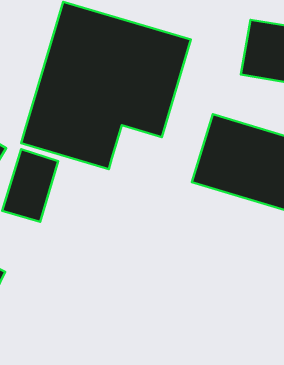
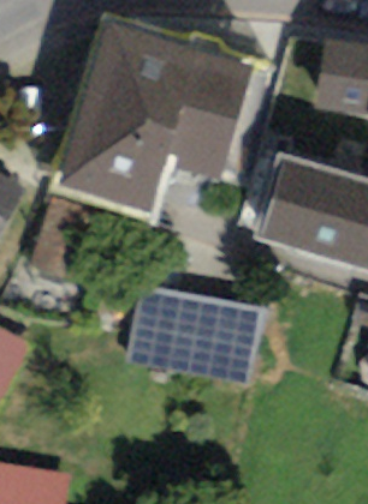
building: none -> [126,280,260,382]

